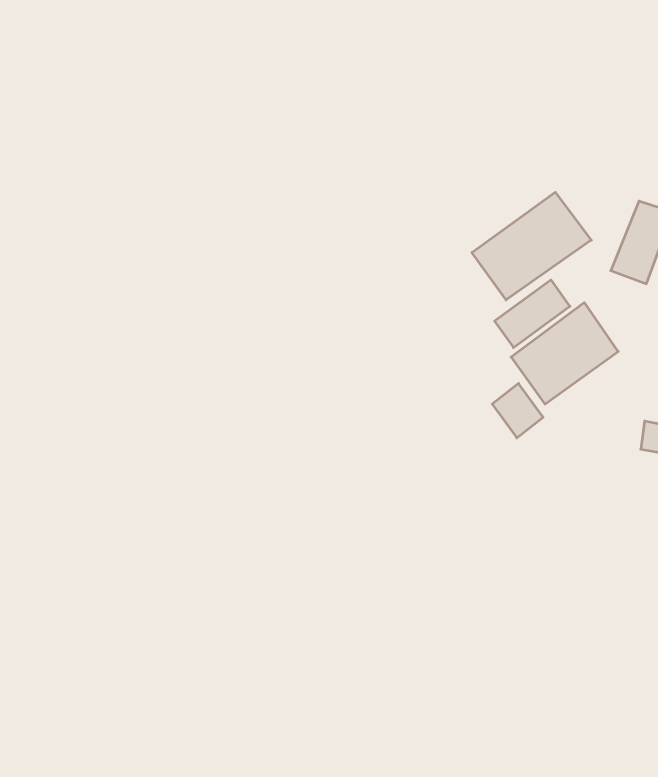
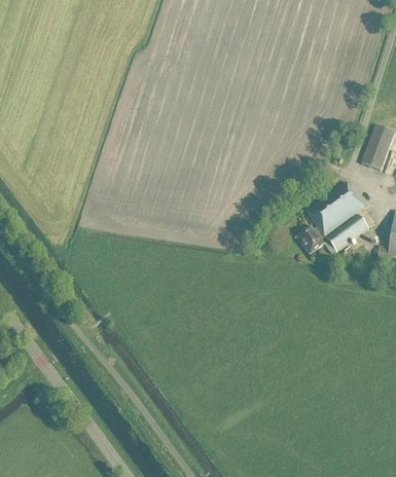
building: [472,192,591,300] -> none
building: [495,280,570,348] -> [327,215,368,252]

